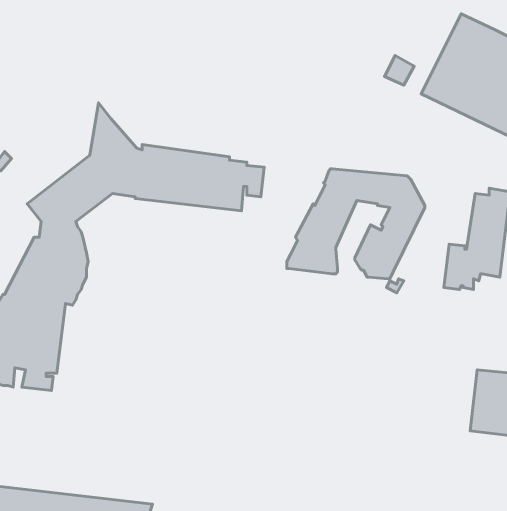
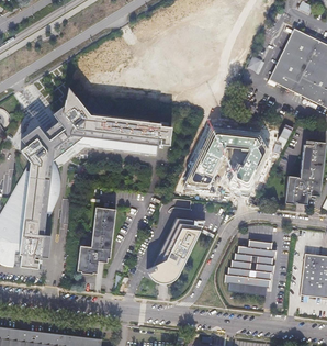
building: none -> [75,208,115,275]
building: none -> [146,217,205,281]
building: none -> [225,241,275,292]

